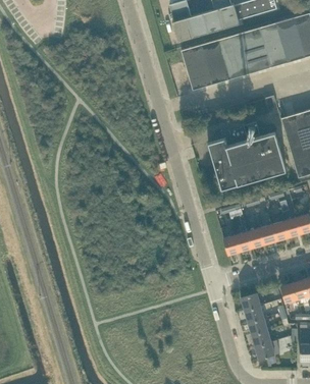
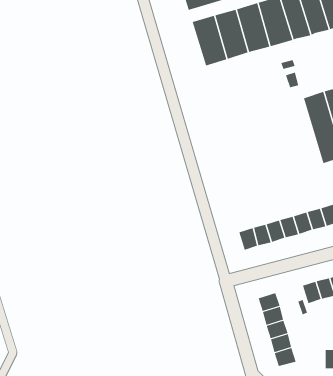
building: [207,131,286,188] -> none

